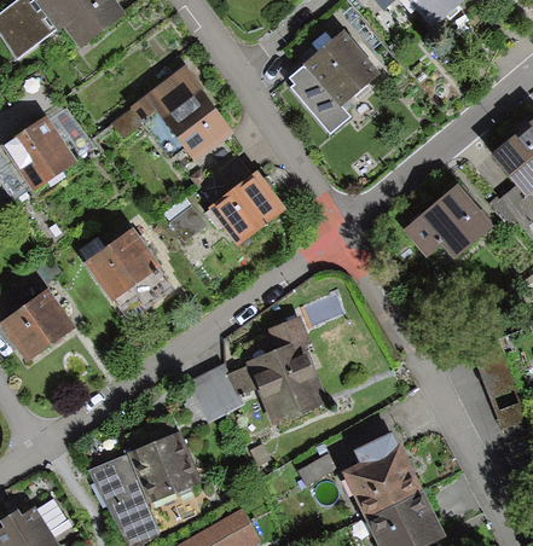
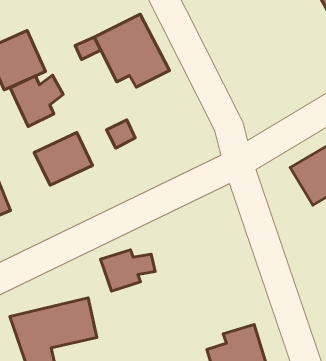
building: [290,29,380,130] -> none
building: none -> [10,75,63,127]
building: [207,172,284,245] -> none
building: [249,314,328,420] -> none

